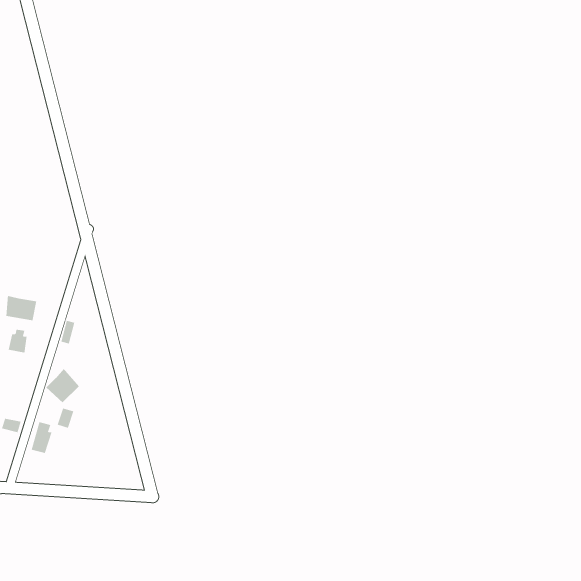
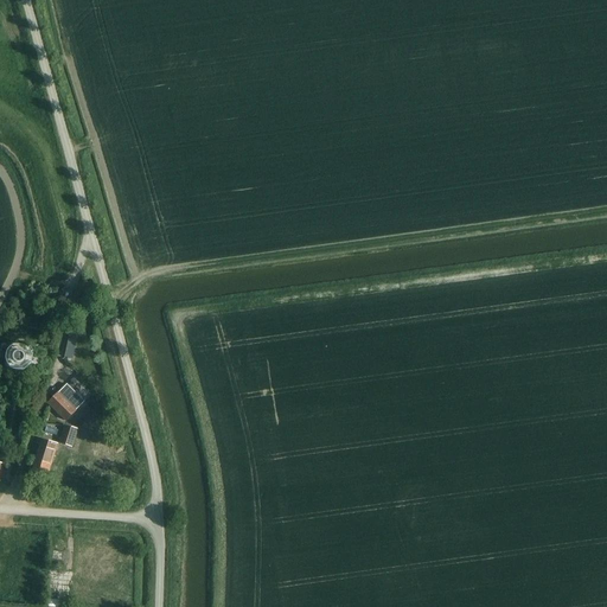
building: [6,295,37,321] -> none

